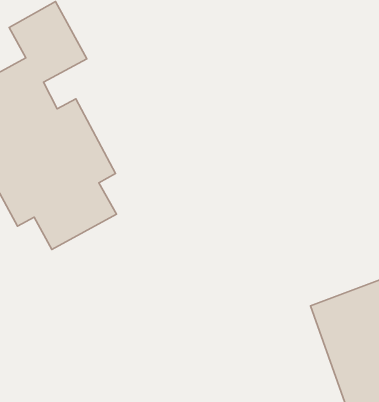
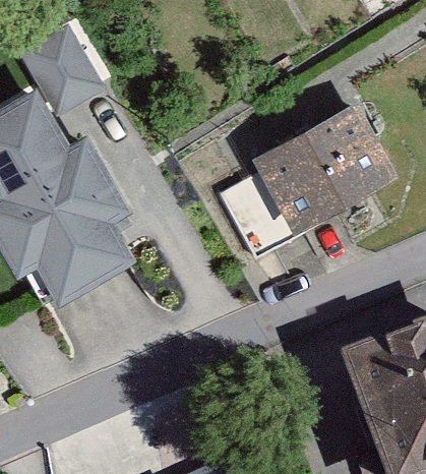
building: none -> [217,110,394,257]

